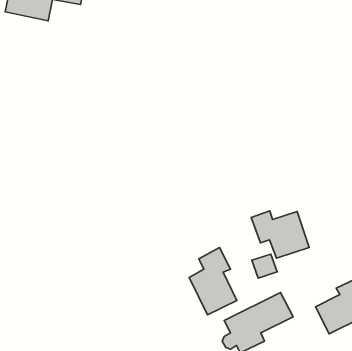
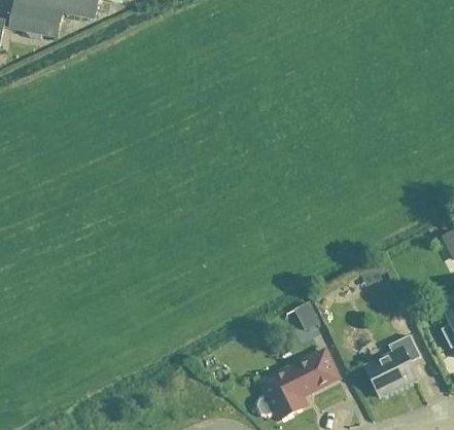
building: [251,211,309,258] -> none
building: [189,248,237,315] -> none

